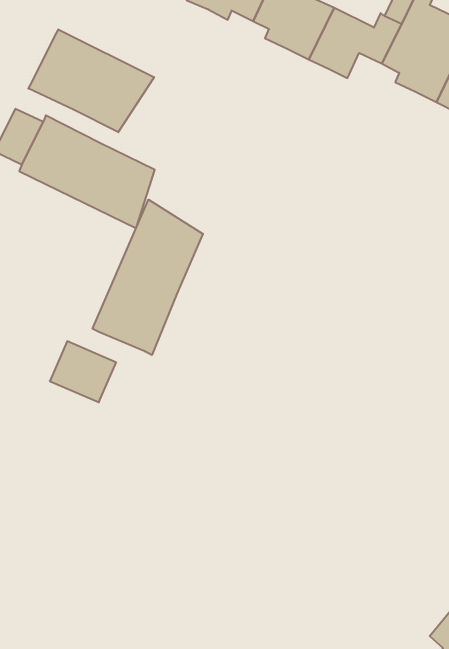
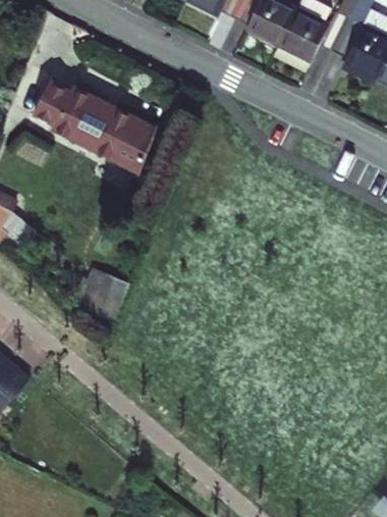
building: [28,29,154,132] -> none
building: [93,200,203,355] -> none

